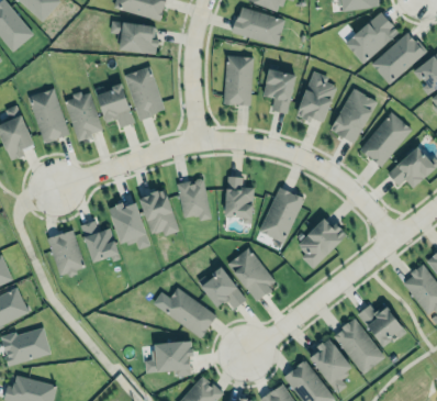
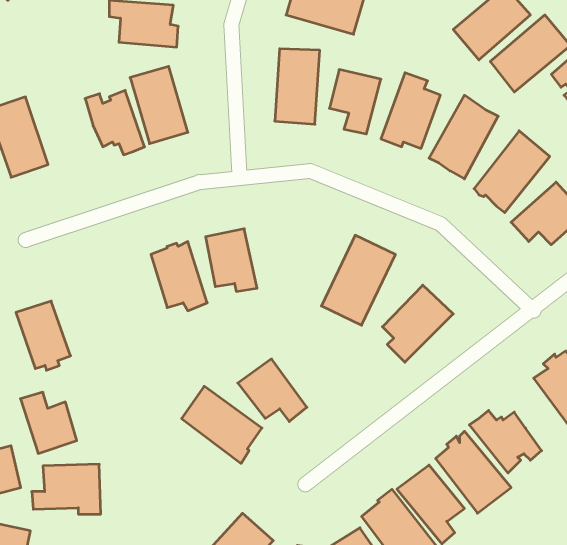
building: [65,91,103,141] -> none
building: [223,172,255,223] -> none
building: [108,199,150,248] -> none
building: [80,221,119,263] -> [20,392,77,453]
building: [227,245,274,300] -> none
building: [145,342,192,376] -> [32,464,101,514]

